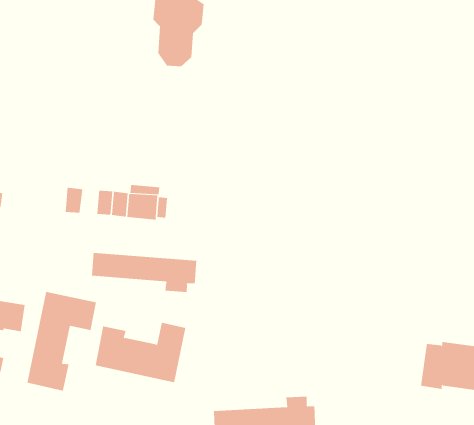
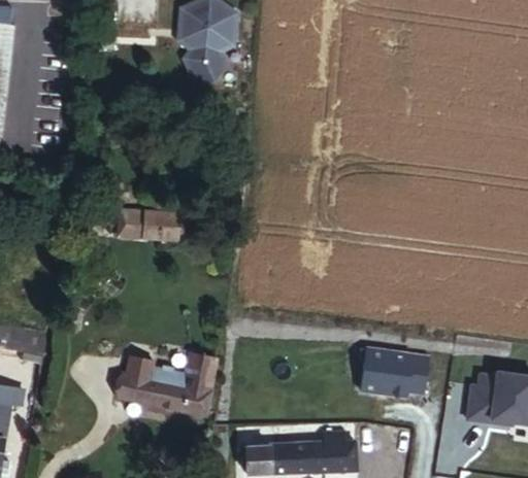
building: [92,252,197,293] -> none
building: [27,291,96,392] -> none
building: none -> [359,349,428,397]

